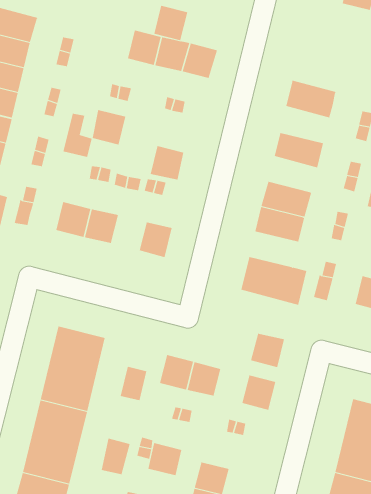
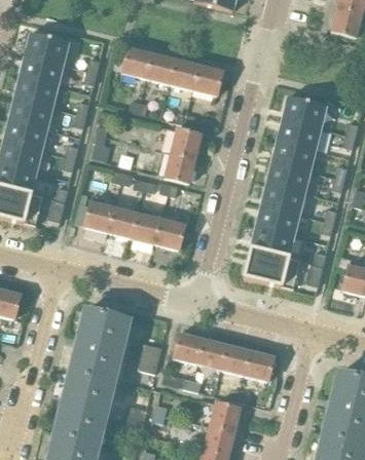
building: [153,5,188,41] -> [122,46,152,77]
building: none -> [278,118,321,150]
building: [92,109,126,145] -> [172,127,202,158]
building: none -> [267,161,311,193]
building: none -> [133,212,162,242]
building: none -> [251,226,294,257]
building: [250,333,285,368] -> [221,344,251,374]
building: [148,443,182,476] -> [210,401,240,430]

